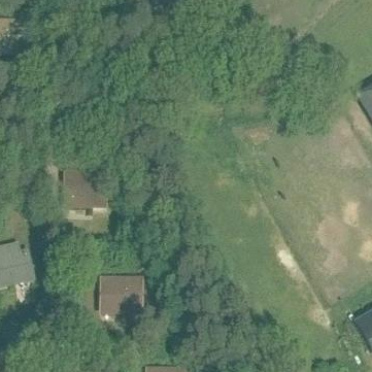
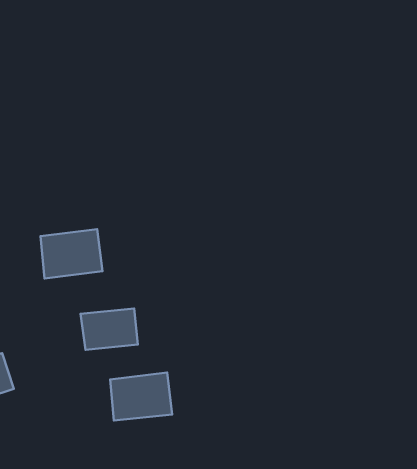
building: none -> [81,308,138,350]

